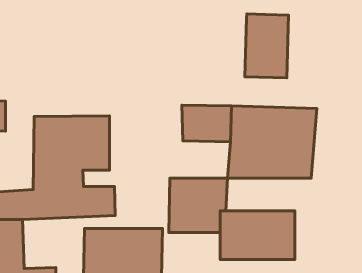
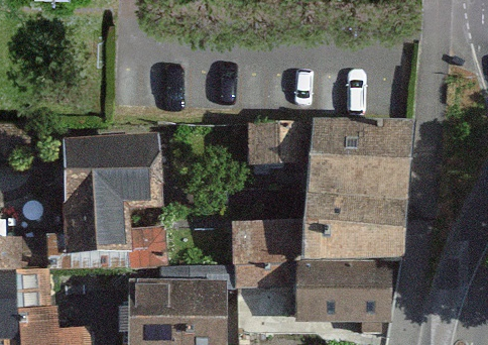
building: [245,14,289,78] -> none
building: none -> [301,224,407,264]

